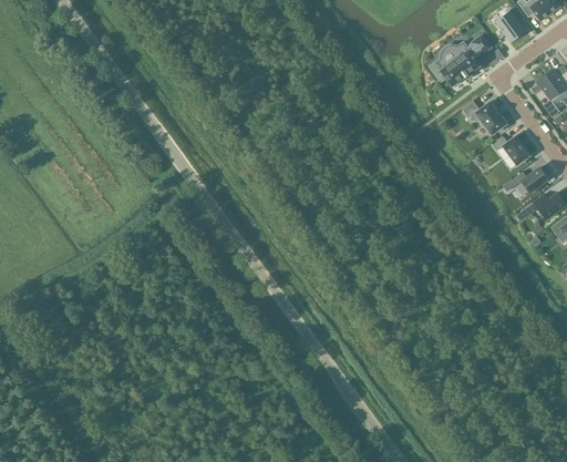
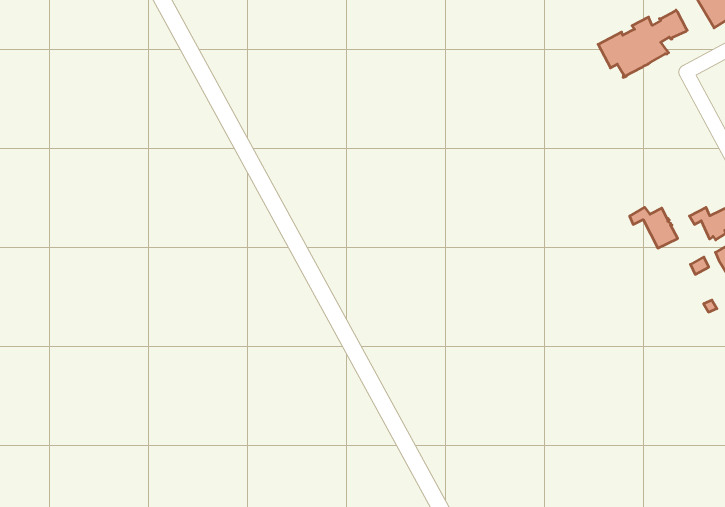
building: [465,101,506,133] -> none
building: [493,135,529,164] -> [630,207,678,248]

